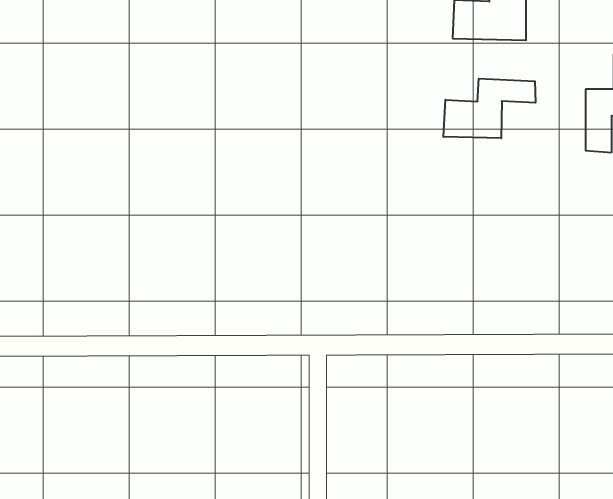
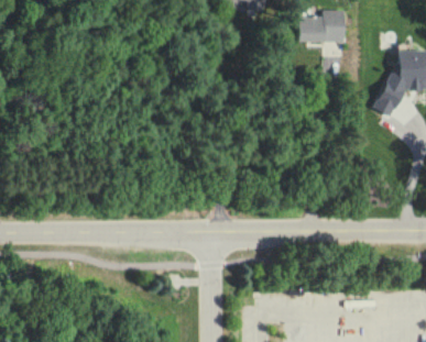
building: [443,79,535,138] -> none

